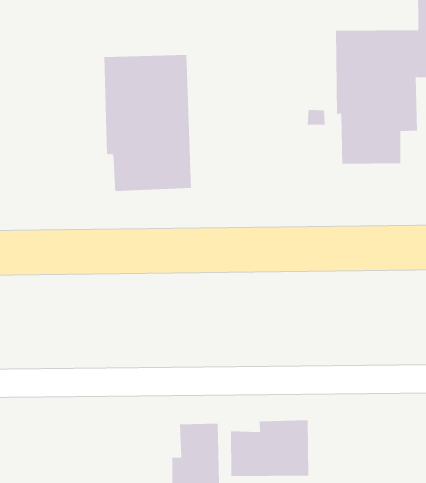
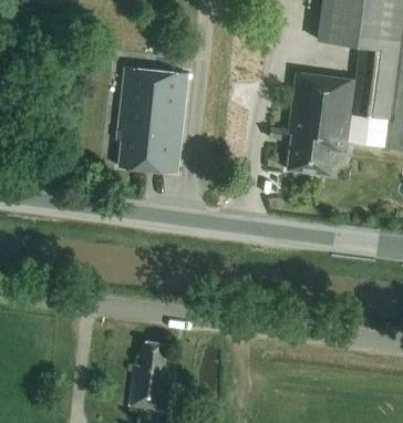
building: [231,419,309,477] -> none

